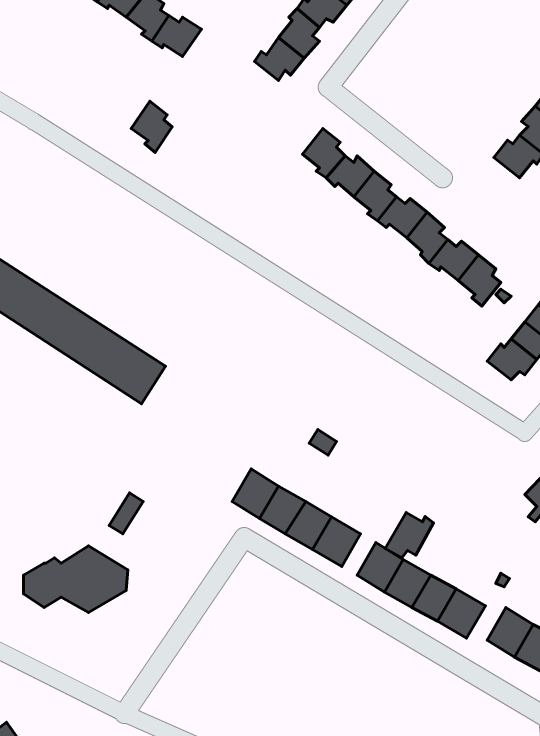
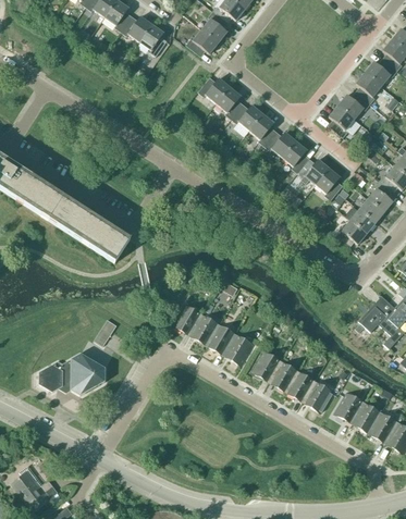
building: [131,101,172,152] -> [140,24,167,57]
building: none -> [198,77,230,103]
building: none -> [328,106,355,137]
building: [385,512,434,558] -> none

